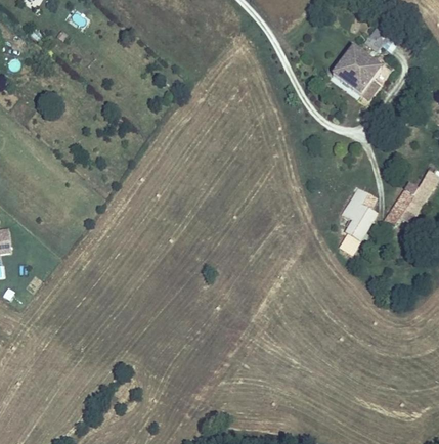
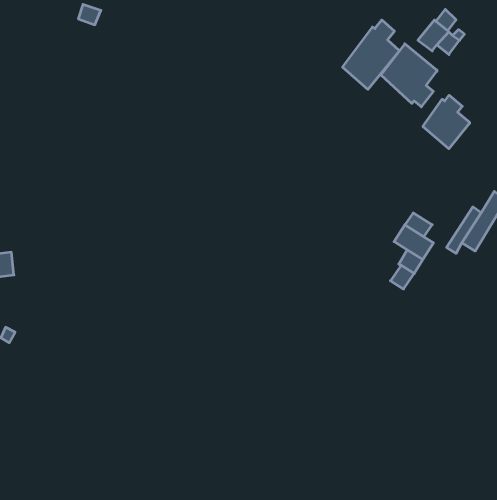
building: none -> [343,20,399,89]
building: none -> [423,95,470,149]

